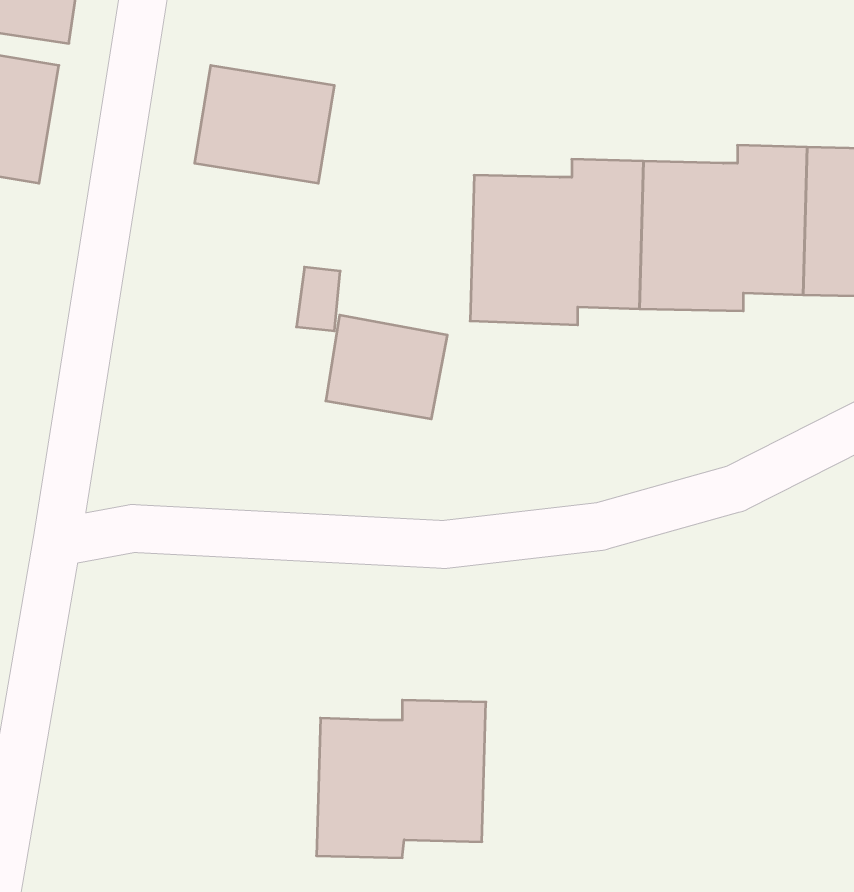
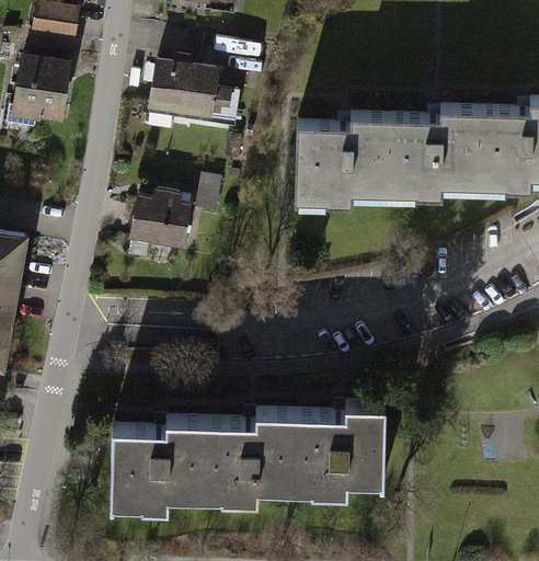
building: [326,315,447,419] -> [125,196,192,253]
building: none -> [301,403,385,491]
building: none -> [111,421,213,505]

